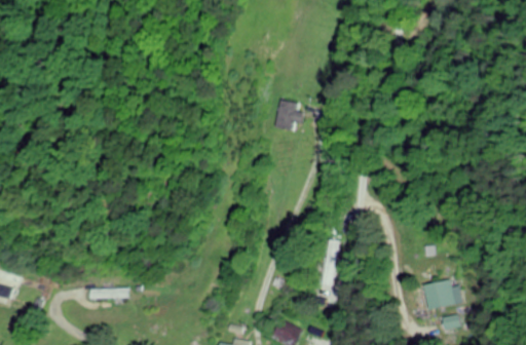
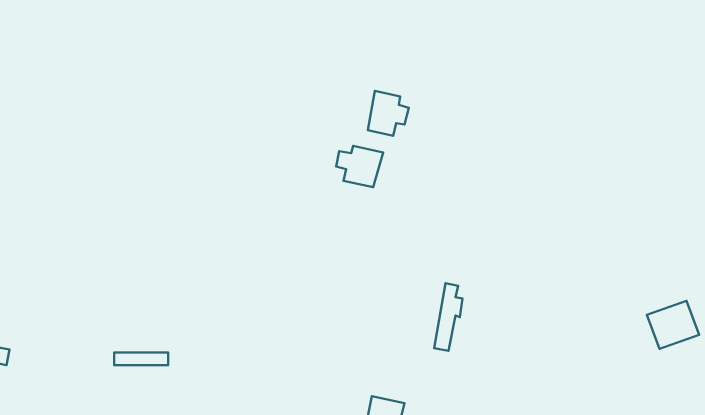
building: none -> [336,146,383,187]
building: [423,277,461,312] -> [647,301,699,349]

